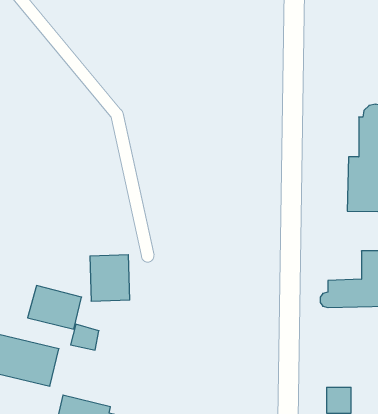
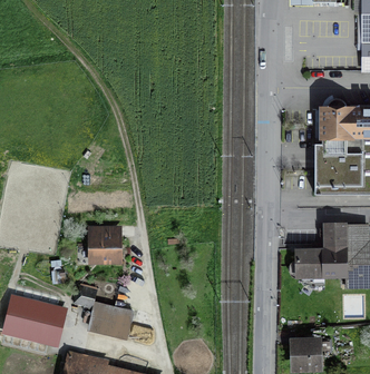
building: [28,286,82,329] -> [90,304,137,342]

